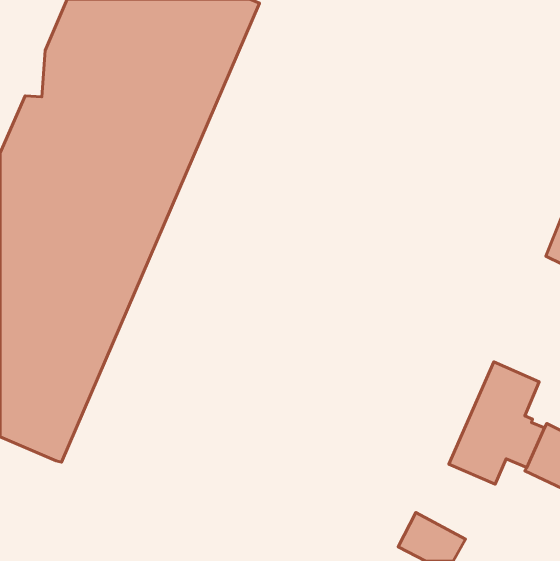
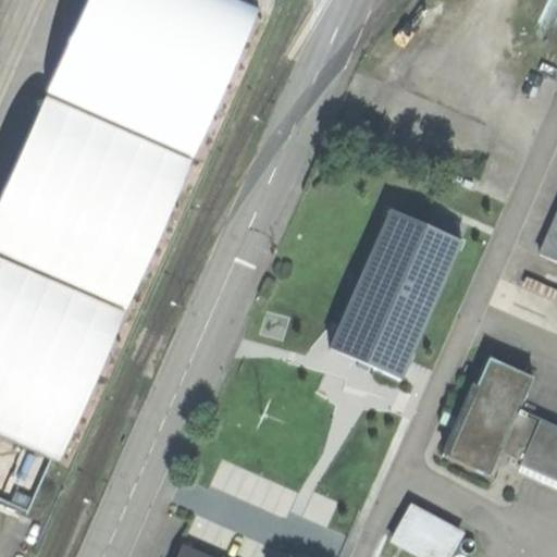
building: none -> [331,209,462,375]

